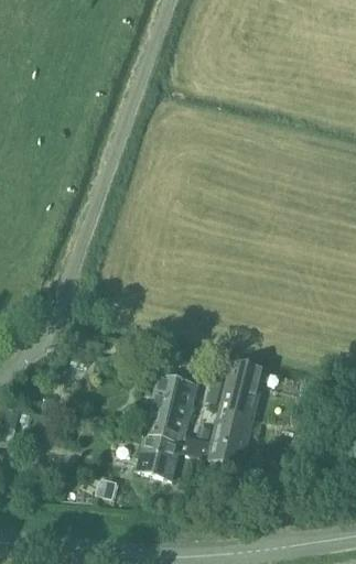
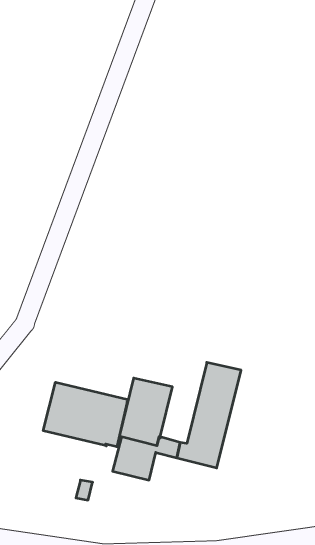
building: none -> [43,382,128,447]

